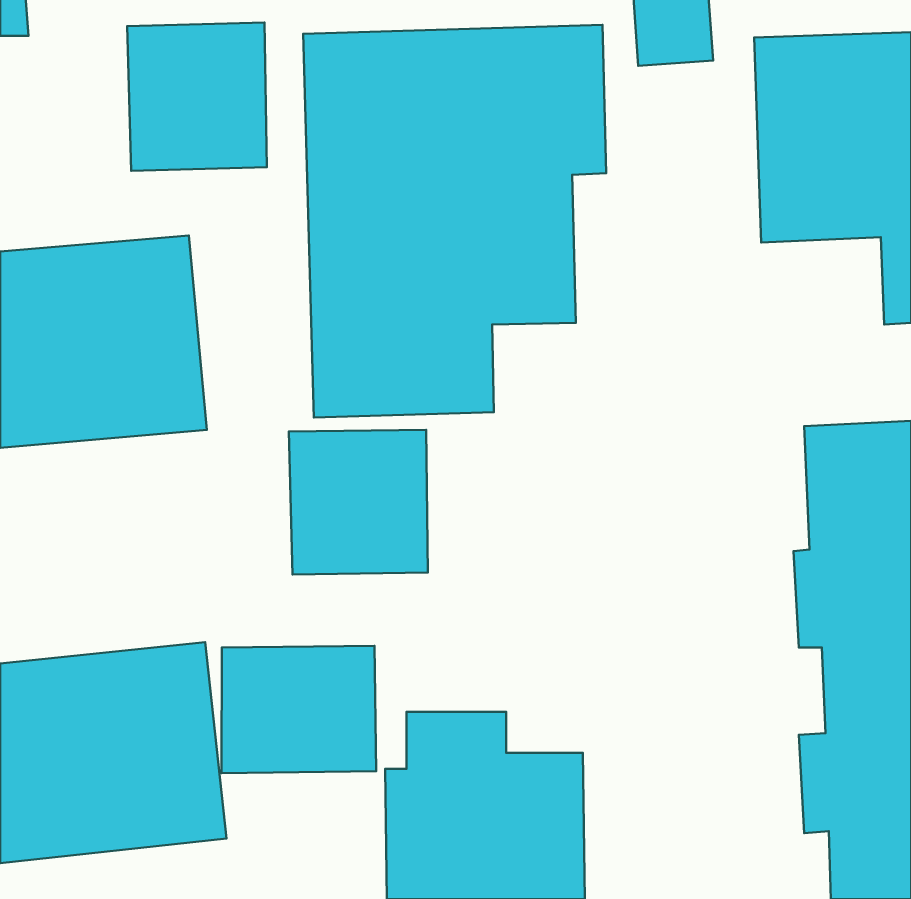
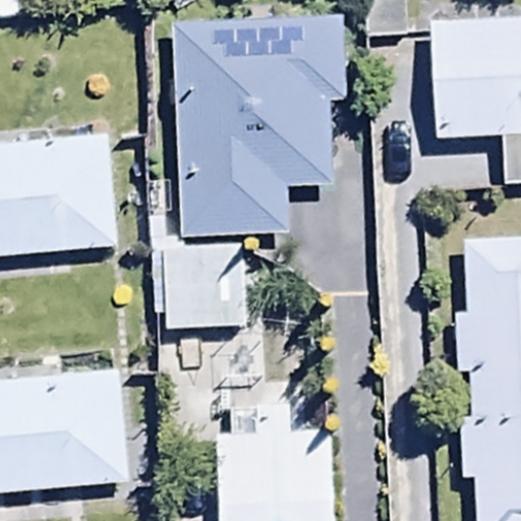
building: [127,22,267,171] -> none
building: [222,646,376,773] -> none

